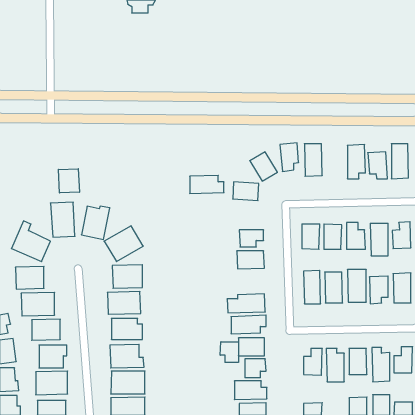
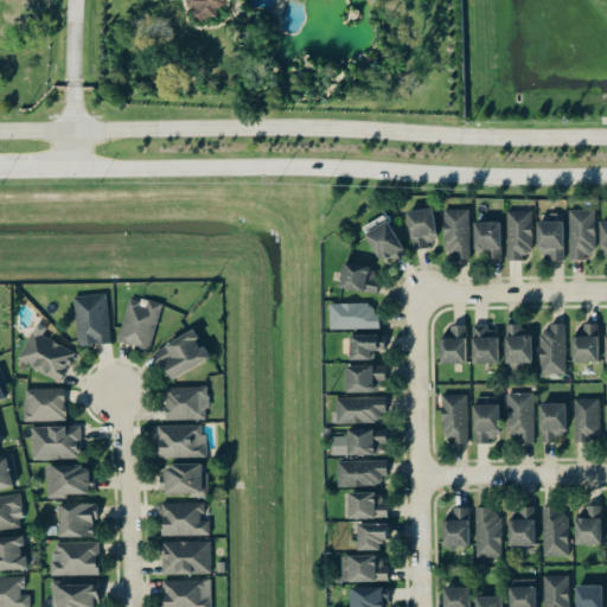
building: none -> [473,222,500,257]
building: [58,169,79,193] -> none
building: [190,175,224,193] -> [330,304,379,330]
building: none -> [336,397,385,424]
building: [220,342,238,362] -> none

